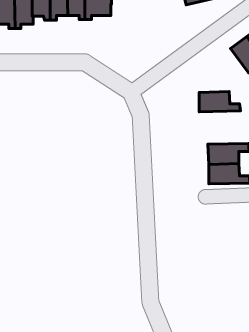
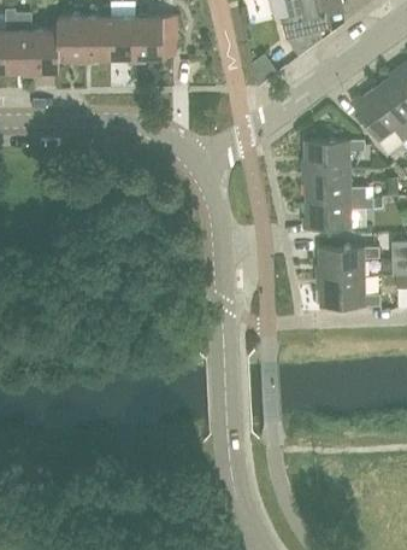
building: none -> [303,140,365,170]
building: none -> [305,198,373,229]

